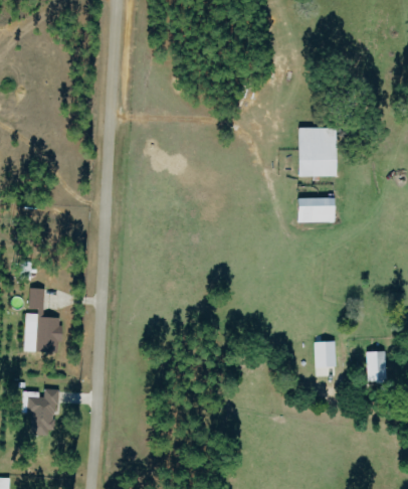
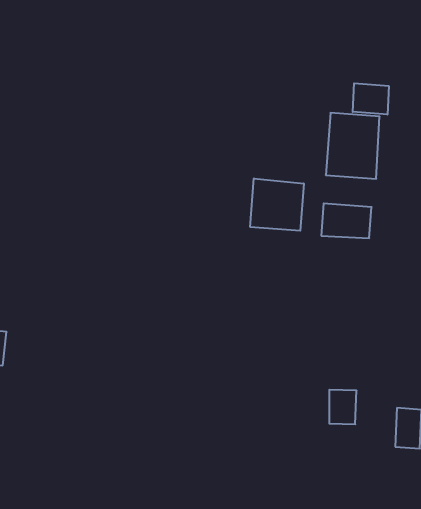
building: none -> [353,83,389,115]
building: none -> [250,178,304,231]

